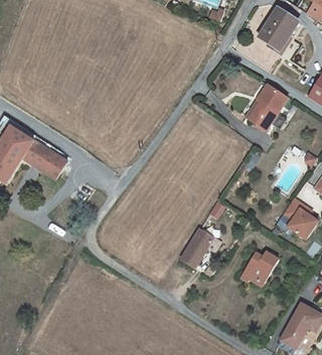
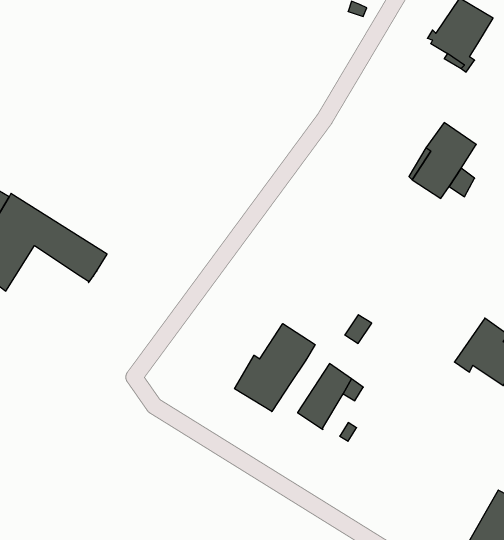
building: none -> [235,324,315,412]
building: [238,250,278,282] -> none

